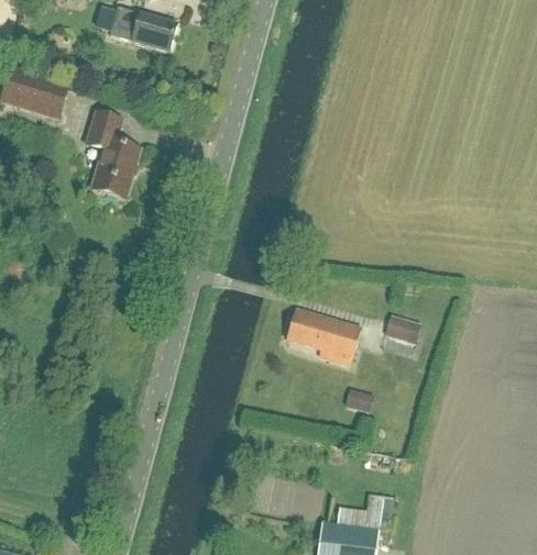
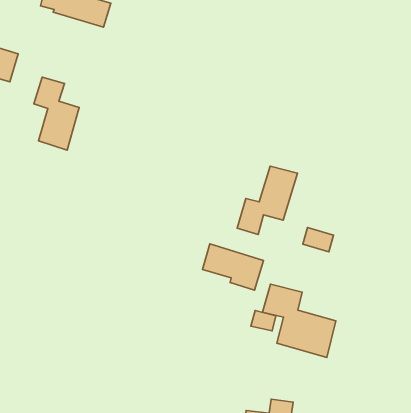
building: none -> [237,166,298,234]
building: [384,317,420,345] -> [303,228,334,252]
building: none -> [263,284,336,357]

